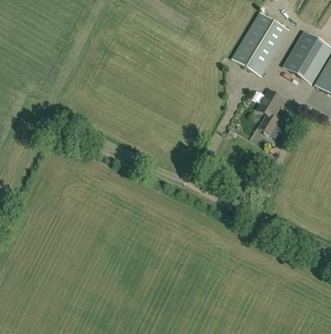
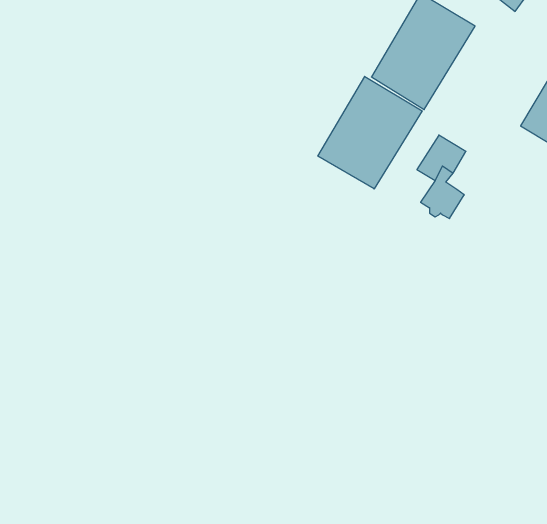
building: [284,34,325,79] -> none
building: none -> [318,76,422,189]

